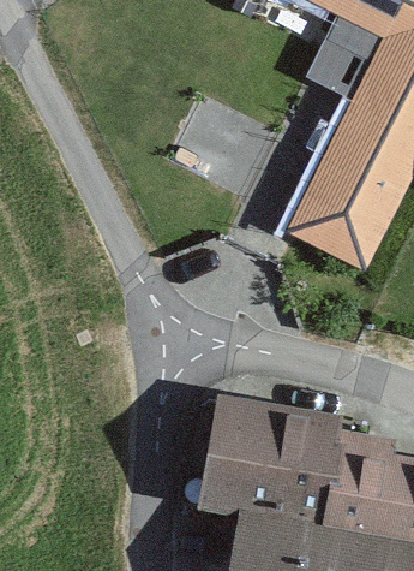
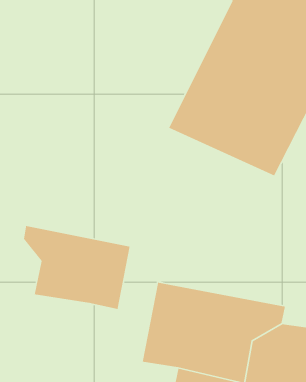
building: none -> [23,225,131,310]

